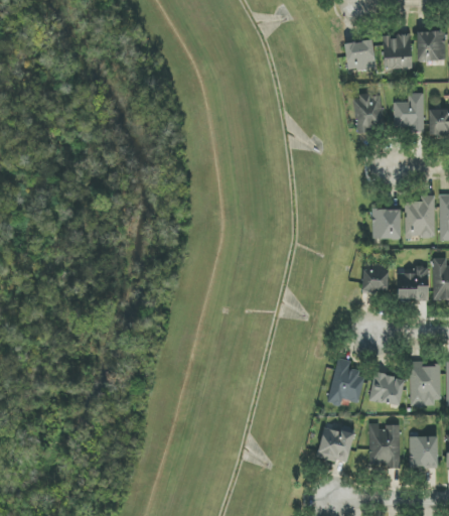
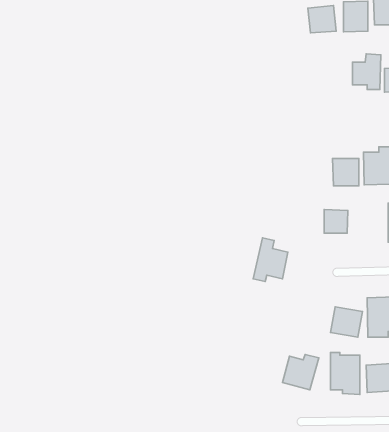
building: [352,93,386,132] -> none
building: [398,266,429,300] -> none
building: [327,358,365,406] -> [253,238,288,281]

